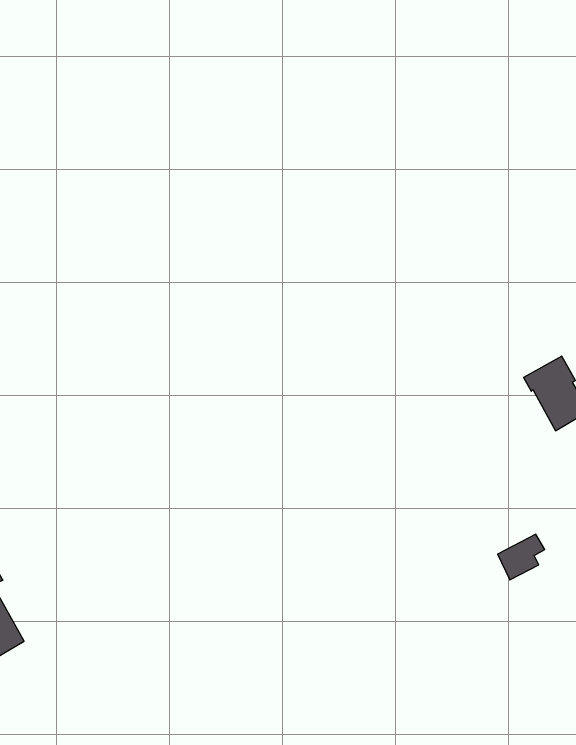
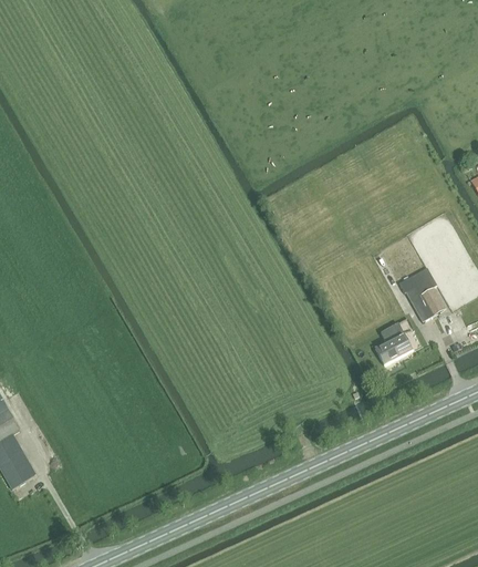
building: [498,534,545,580] -> [375,332,409,365]

